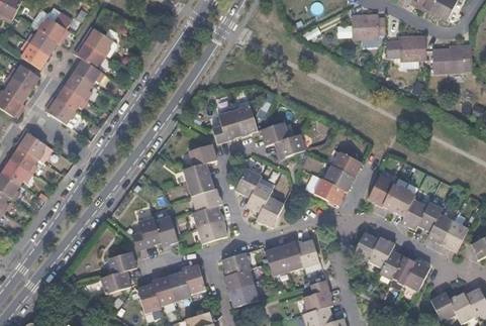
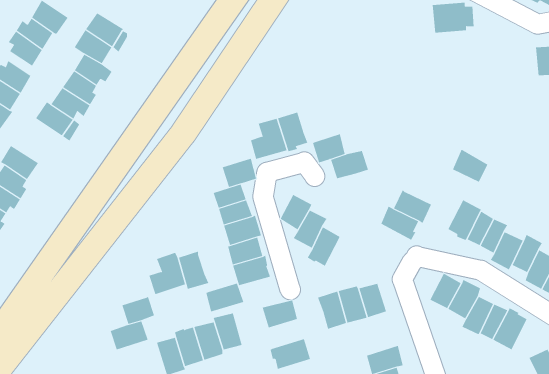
building: [395,41,428,73] -> none
building: [332,151,361,178] -> [452,149,488,182]
building: [223,267,254,291] -> [205,283,244,312]

